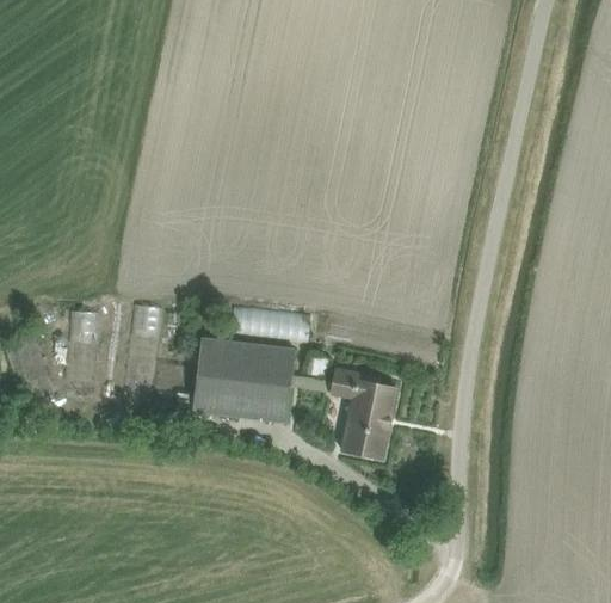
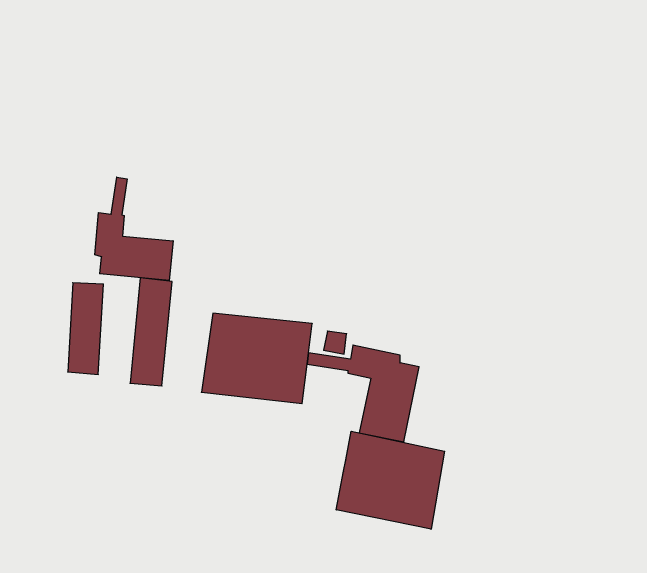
building: none -> [95,177,173,280]
building: none -> [336,431,445,529]

